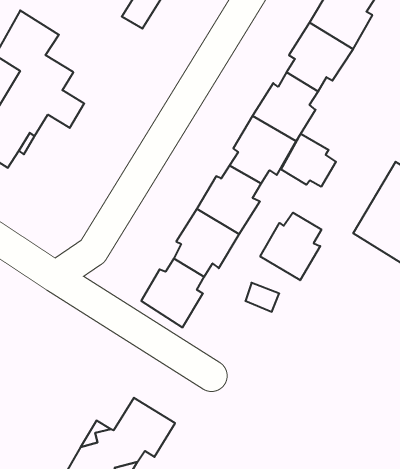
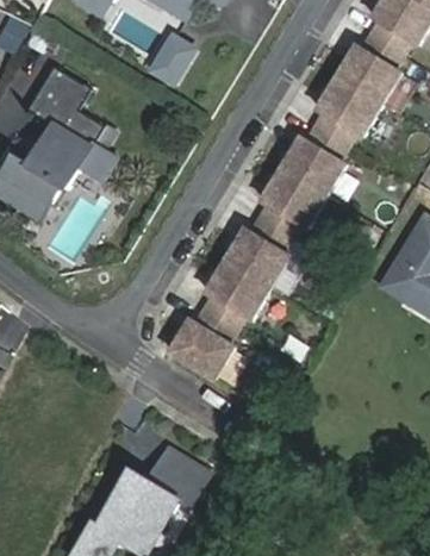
building: [281,134,336,187] -> none
building: [260,213,321,280] -> none

